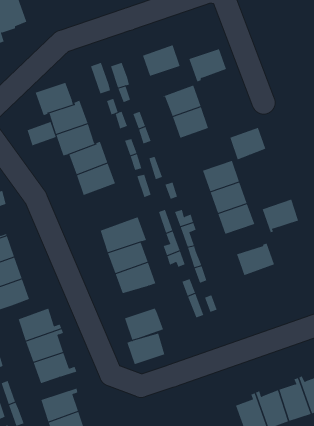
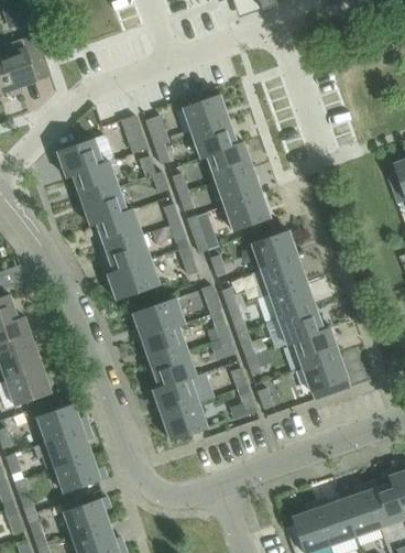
building: [188,48,227,82] -> [191,120,237,160]
building: [27,121,56,146] -> none
building: [229,127,266,160] -> [227,193,270,231]
building: none -> [107,258,162,301]
building: [262,199,299,233] -> [280,305,324,345]
building: none -> [302,353,348,392]
building: [127,333,165,365] -> [153,378,198,415]

